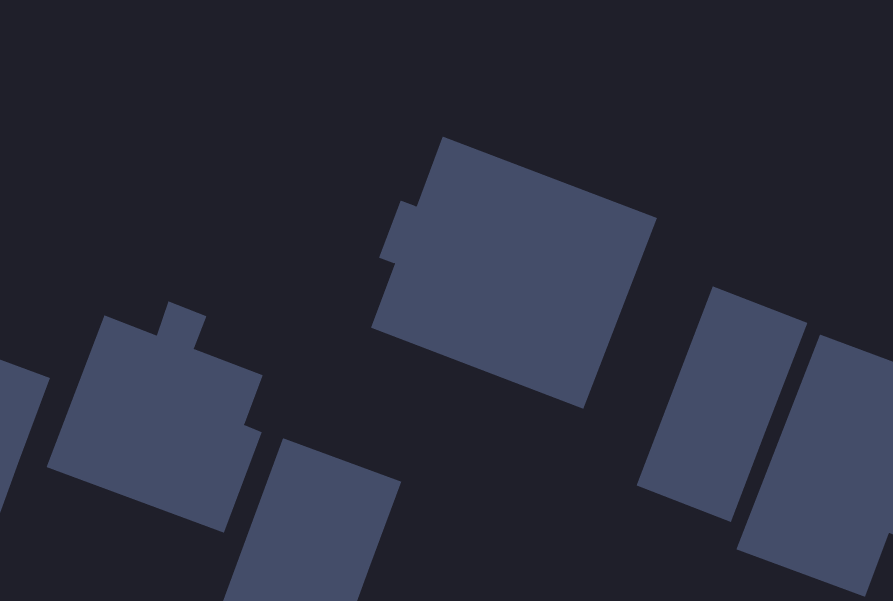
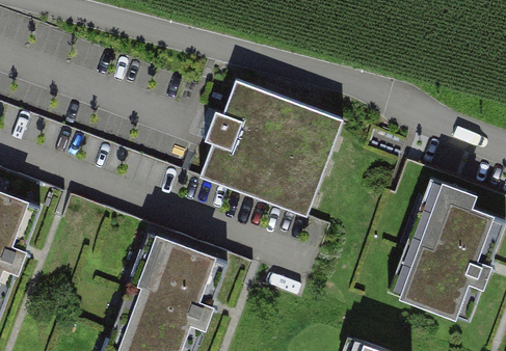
building: [636,286,808,523] -> none
building: [46,301,263,533] -> none

